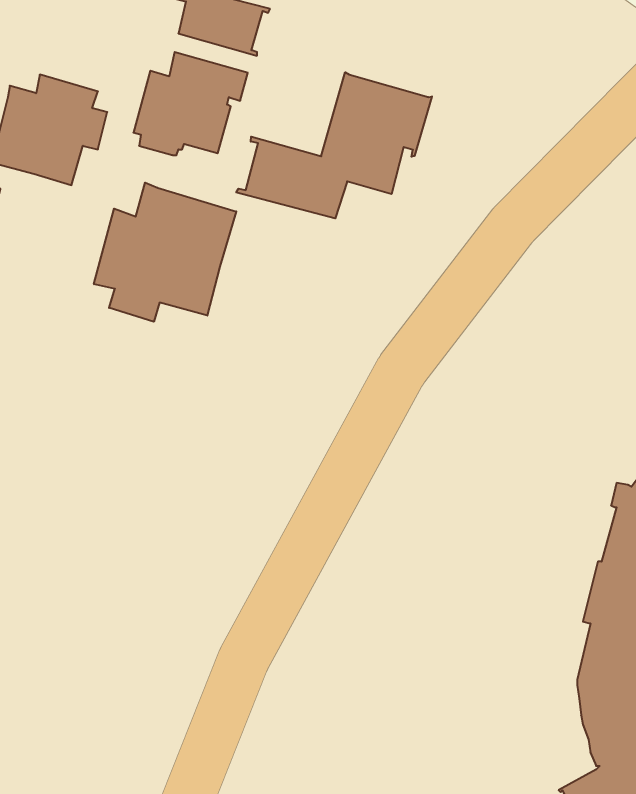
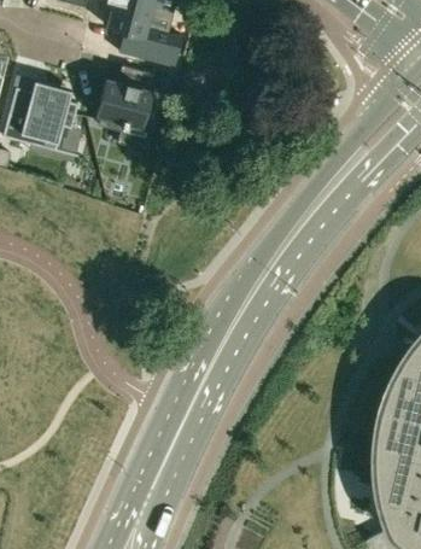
building: [236,72,432,218] -> none
building: [94,183,236,322] -> none

